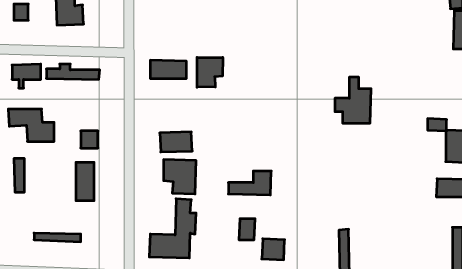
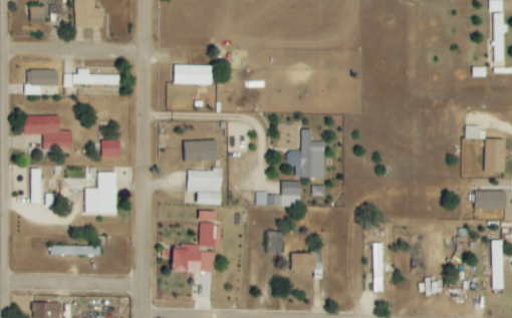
building: [197,57,223,87] -> none
building: [335,77,371,123] -> [287,129,325,178]

